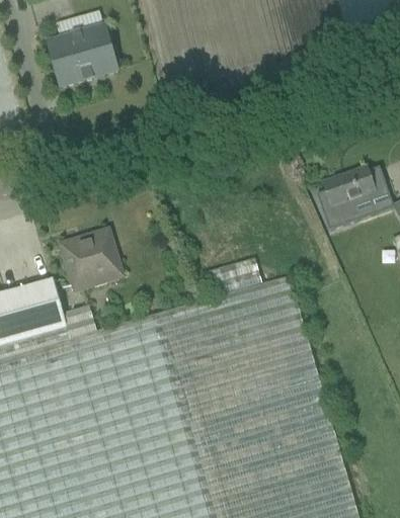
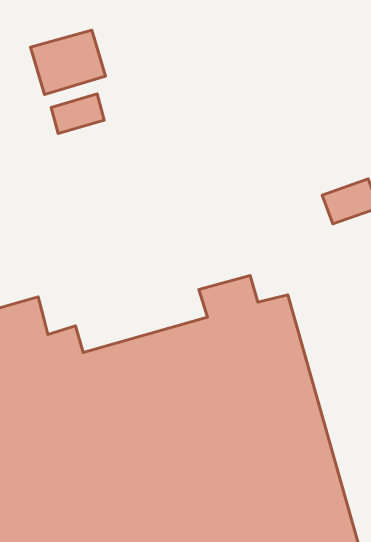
building: none -> [51,94,104,134]
building: [60,234,124,297] -> none

